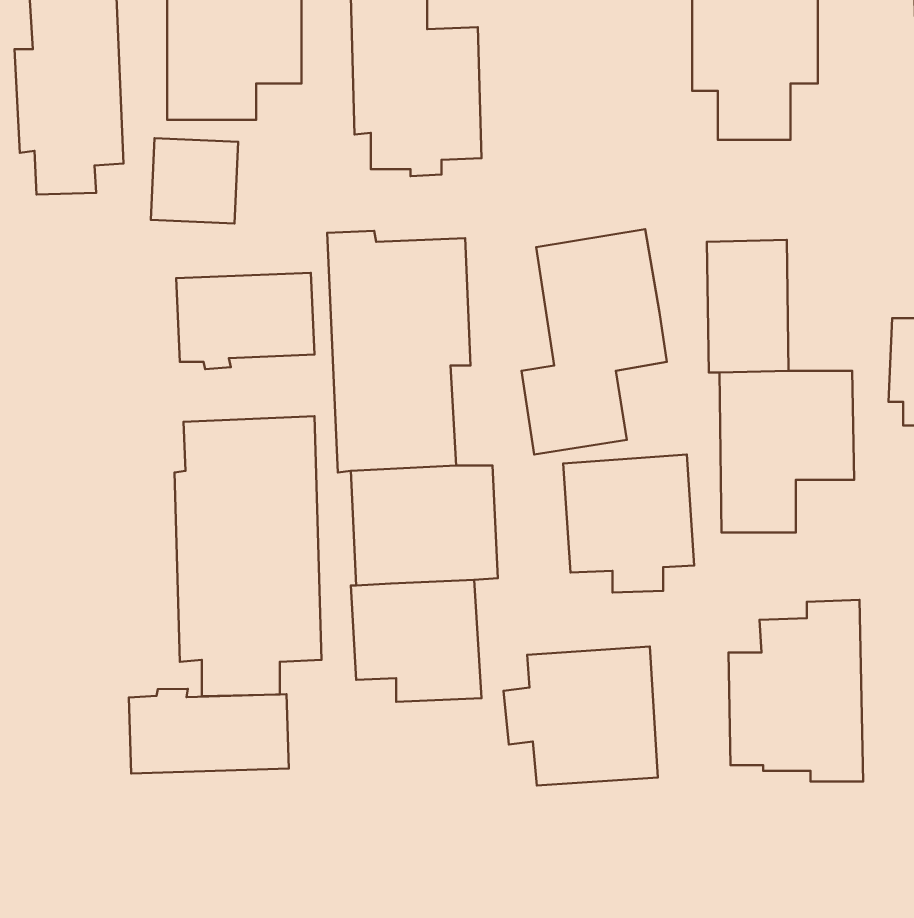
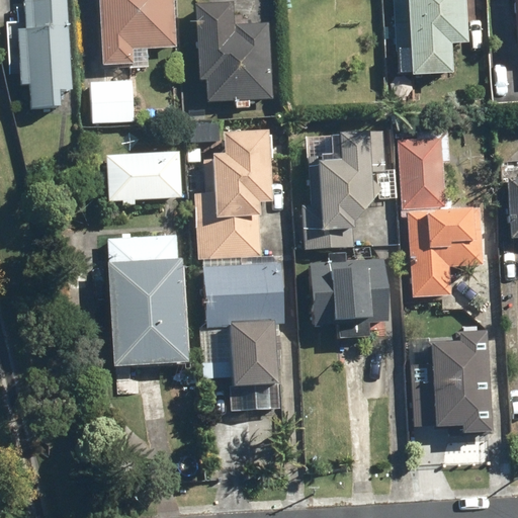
building: [504,646,658,786] -> none
building: [129,689,289,774] -> none

